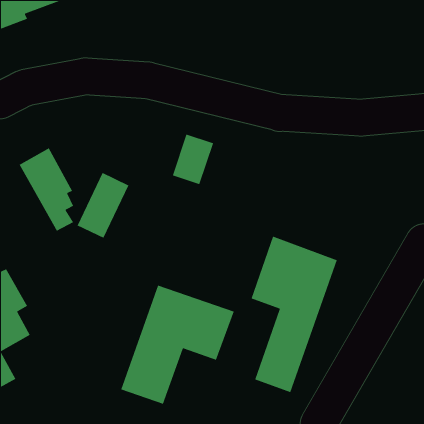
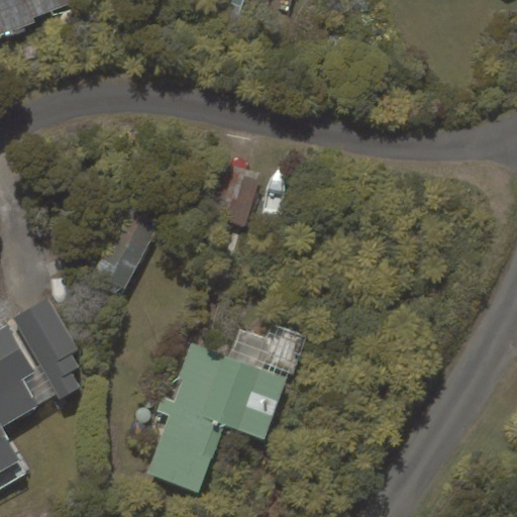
building: [18,147,74,232] -> [11,296,79,399]
building: [251,235,338,393] -> none

